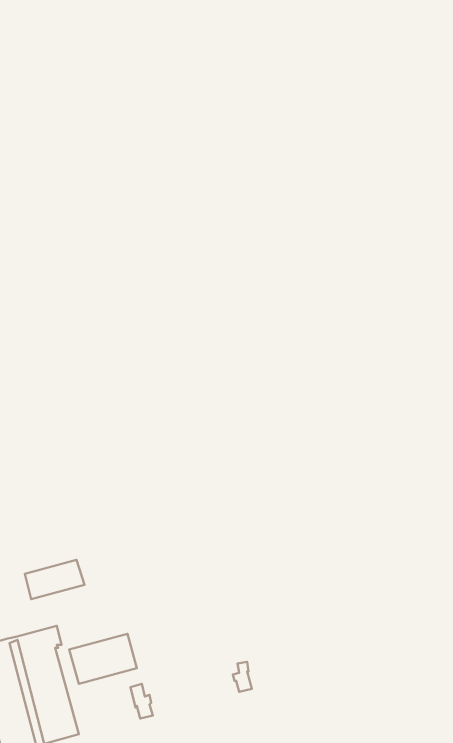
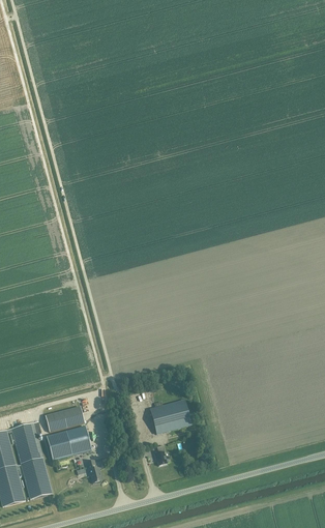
building: [25,560,85,599] -> [46,406,85,432]
building: none -> [150,400,190,434]

